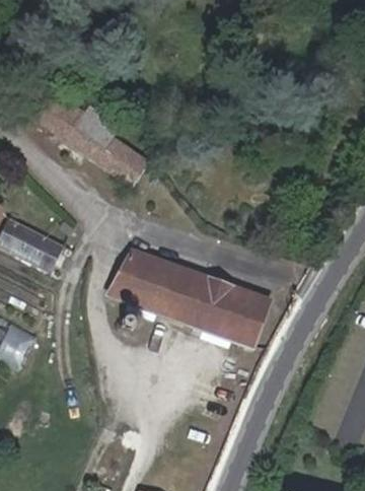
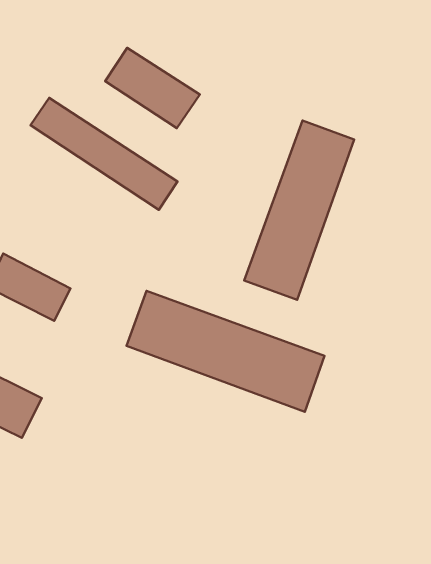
building: none -> [105,48,200,128]
building: none -> [244,121,354,300]

